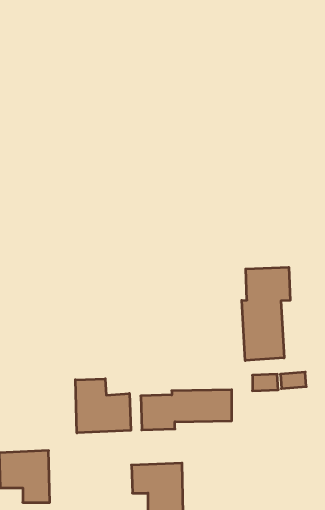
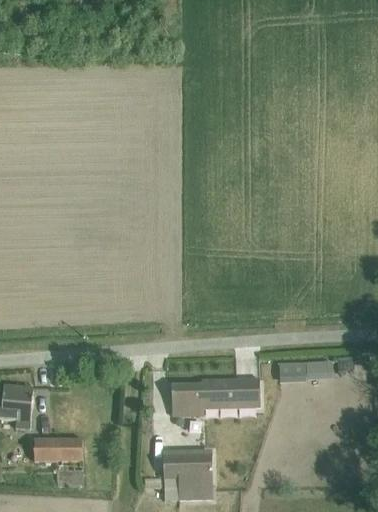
building: [242,267,290,361] -> none
building: [75,379,131,433] -> none

